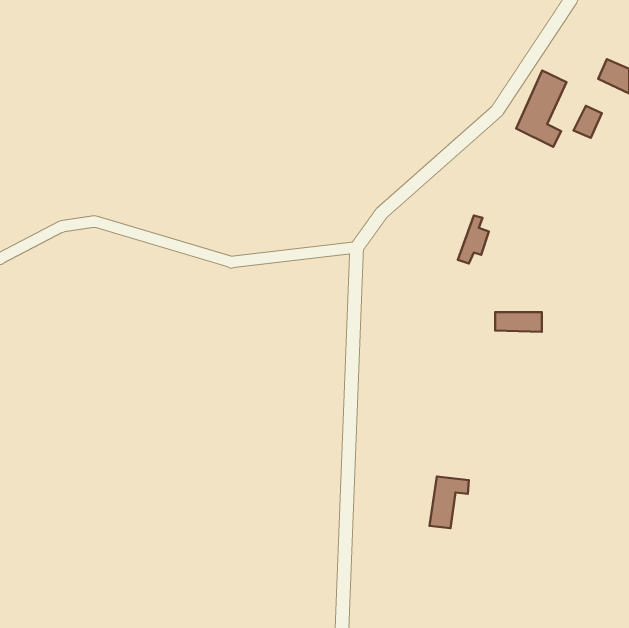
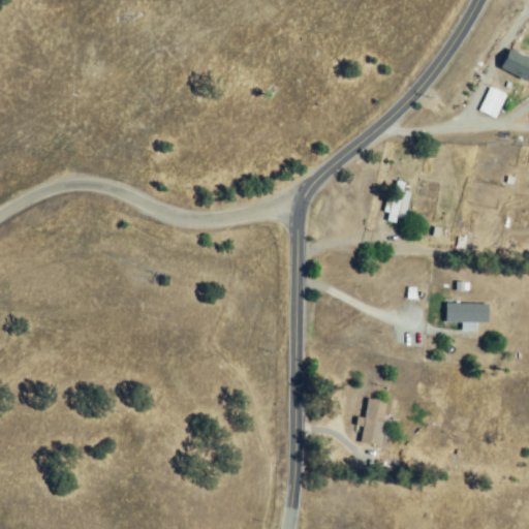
building: [516,70,566,147] -> none
building: [495,312,542,332] -> [448,305,488,321]

